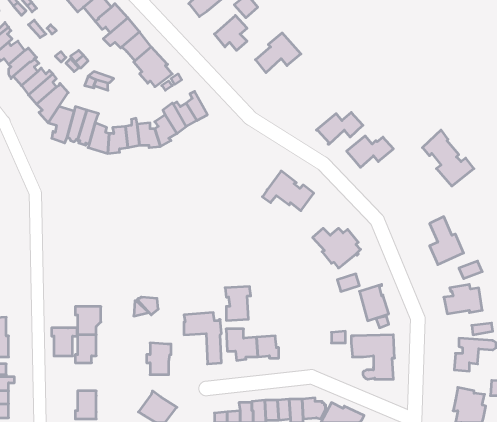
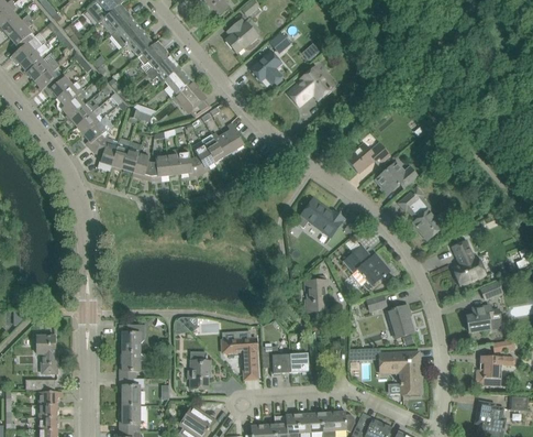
building: [422,130,474,186] -> [399,187,447,240]
building: [225,287,251,320] -> [304,281,329,313]
building: [52,328,77,356] -> [120,379,144,405]

